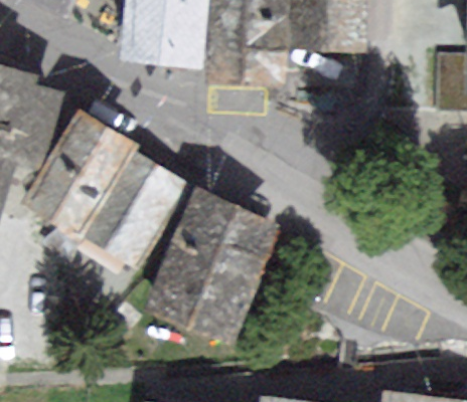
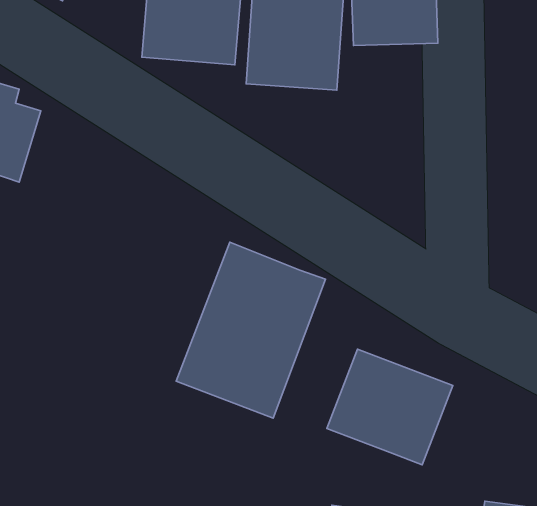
building: [28,114,171,252] -> none
building: none -> [327,349,453,465]

